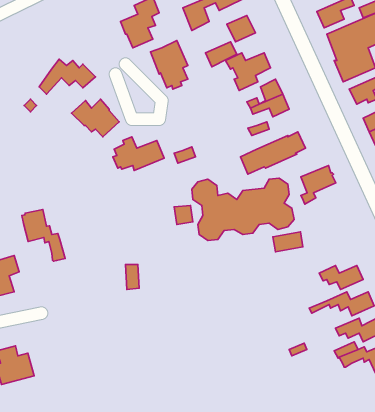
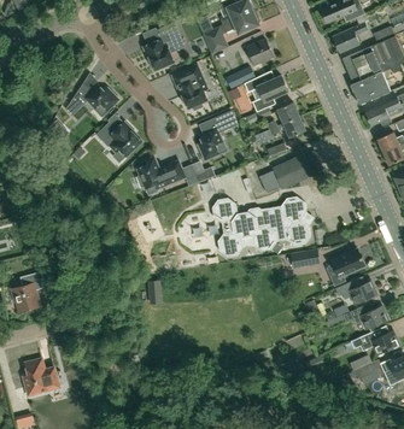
building: none -> [198,111,239,161]
building: [301,165,336,204] -> [332,248,365,286]
building: [22,209,65,261] -> none

